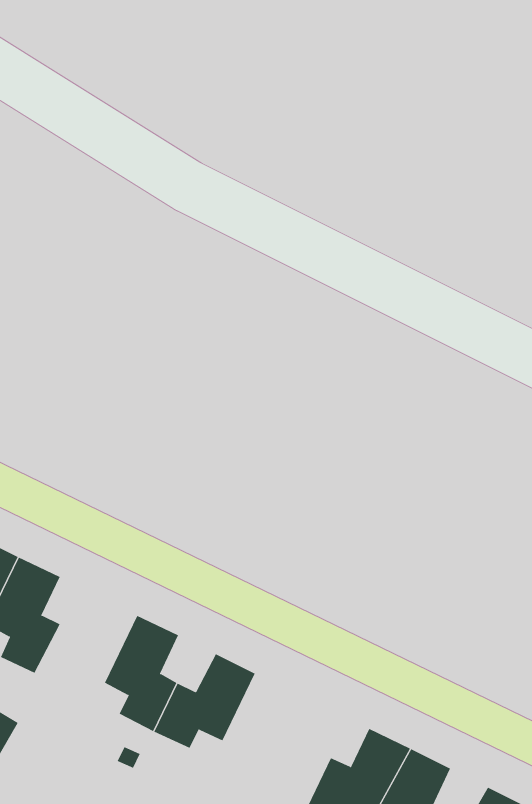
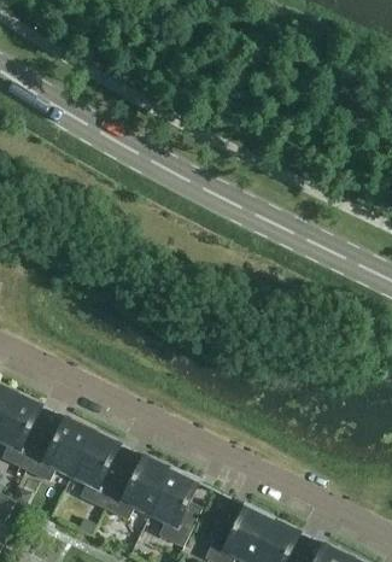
building: none -> [25,418,93,481]
building: none -> [150,470,199,548]

